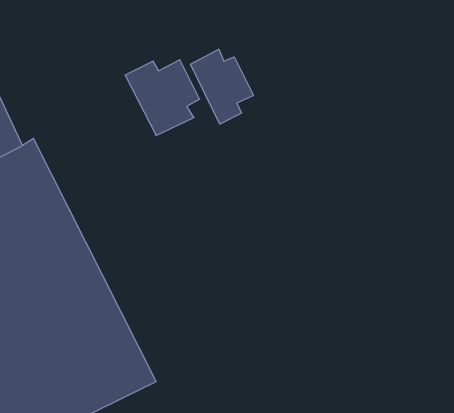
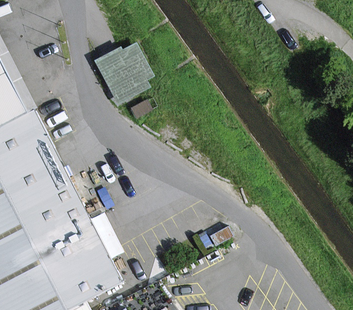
building: [190,49,253,124] -> none

